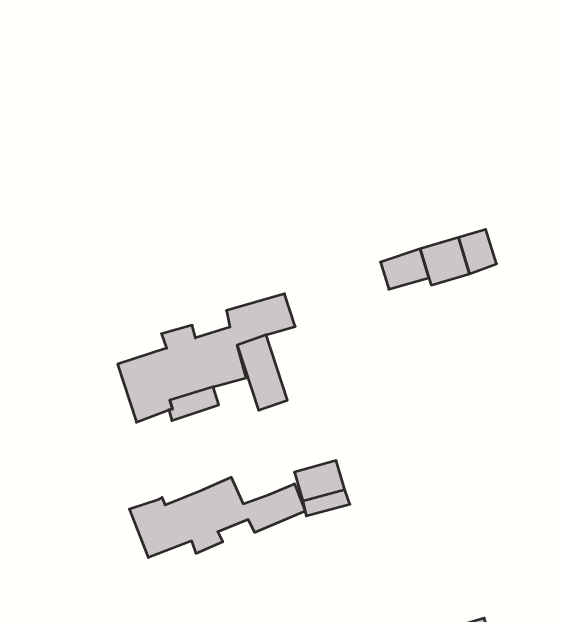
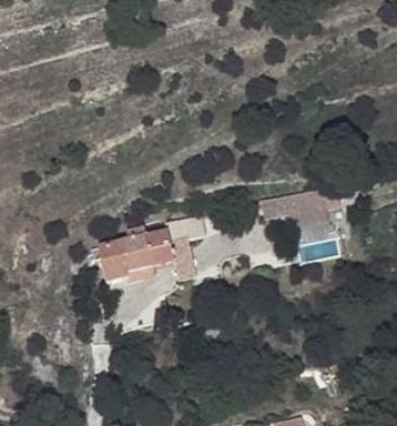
building: [129,477,305,558] -> none

